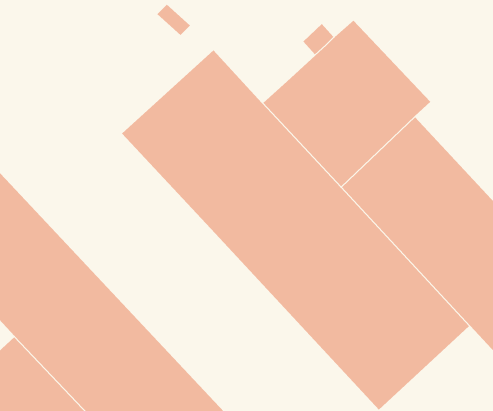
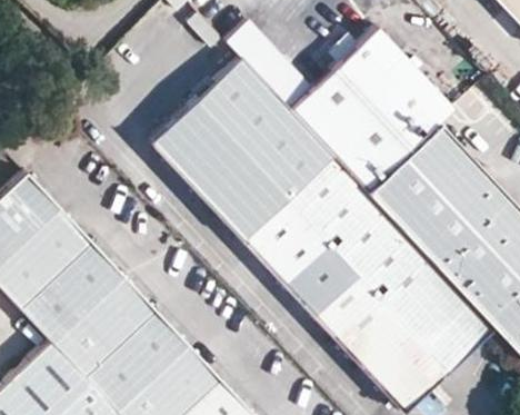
building: none -> [227,23,313,112]

